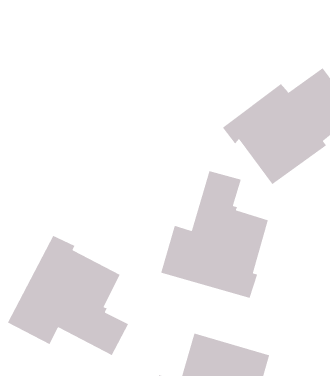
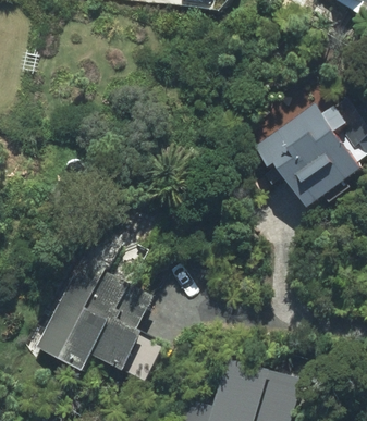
building: [160,170,269,299] -> none

